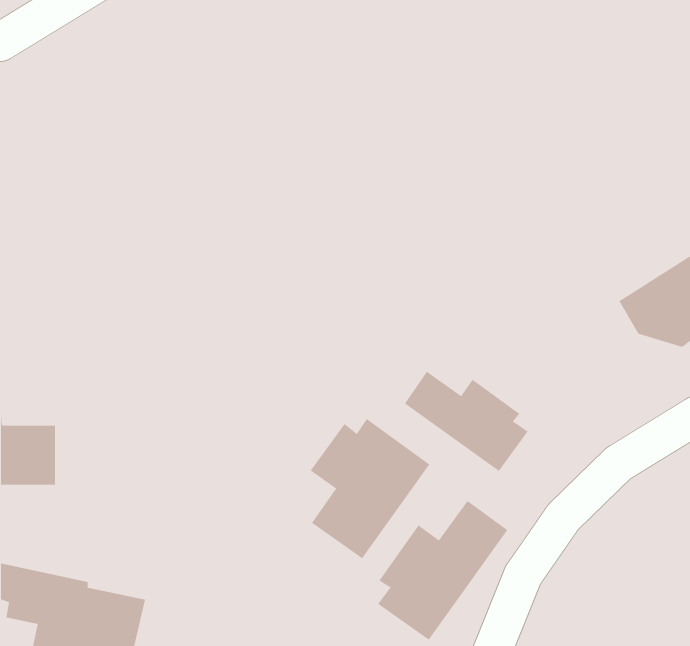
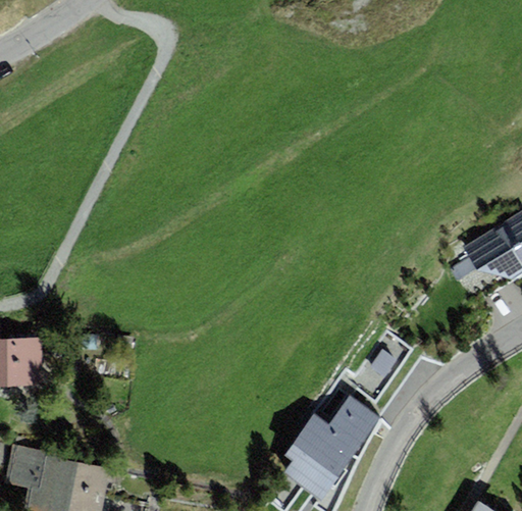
building: [404,371,528,472] -> none
building: [310,418,430,559] -> none

